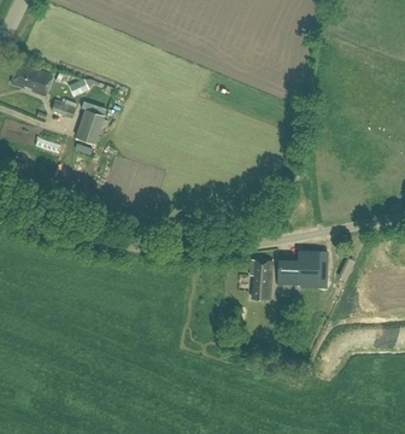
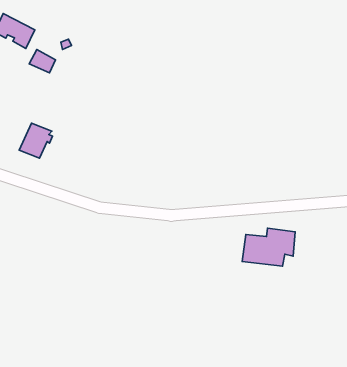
building: [75,110,106,143] -> [19,123,52,158]
building: [250,259,272,299] -> none

